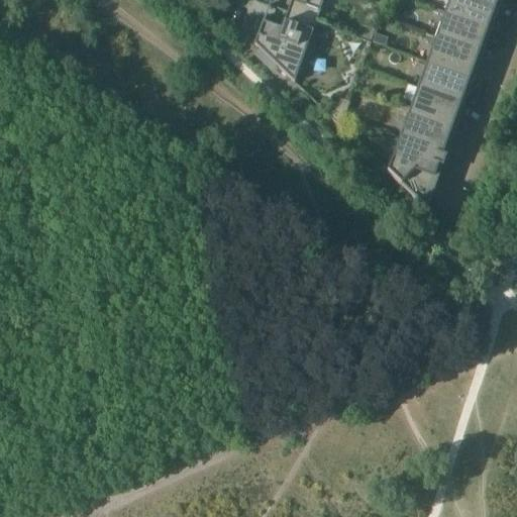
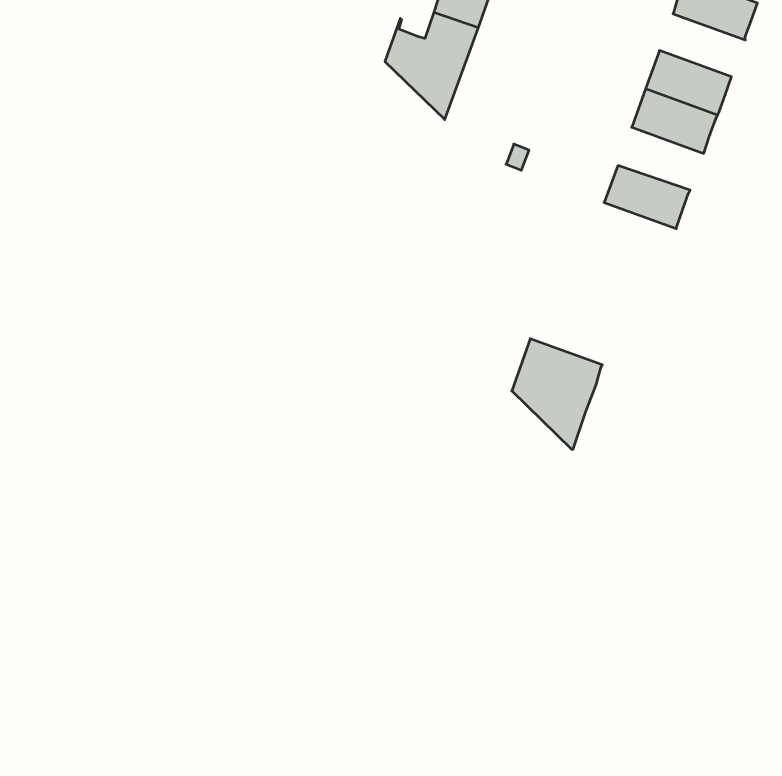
building: [434,9,491,50] -> none
building: [407,84,463,125] -> none
building: [386,133,445,206] -> [512,339,602,449]

